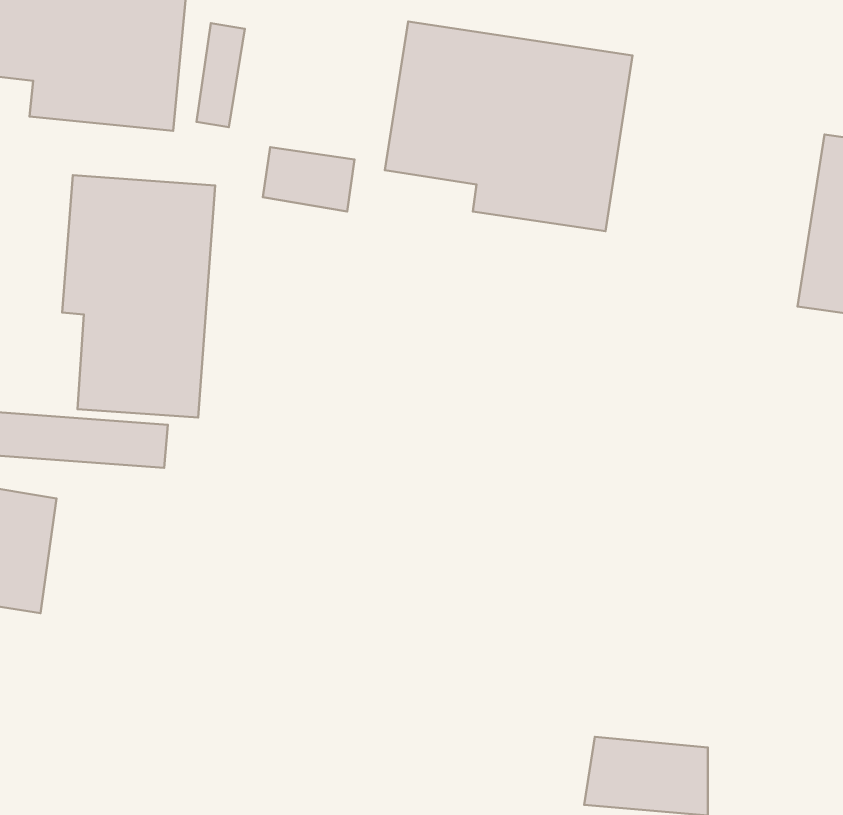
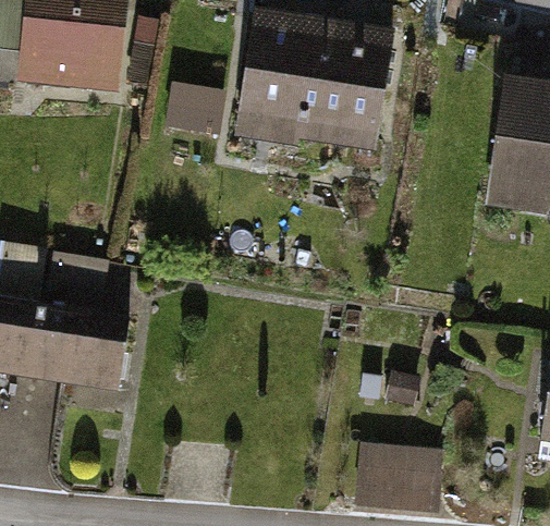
building: [62,175,215,417] -> none
building: none -> [33,308,129,384]

